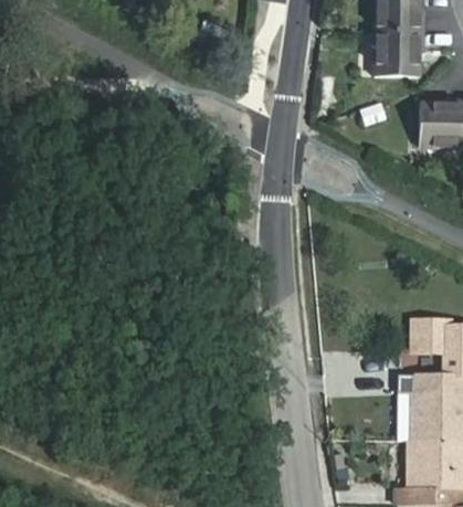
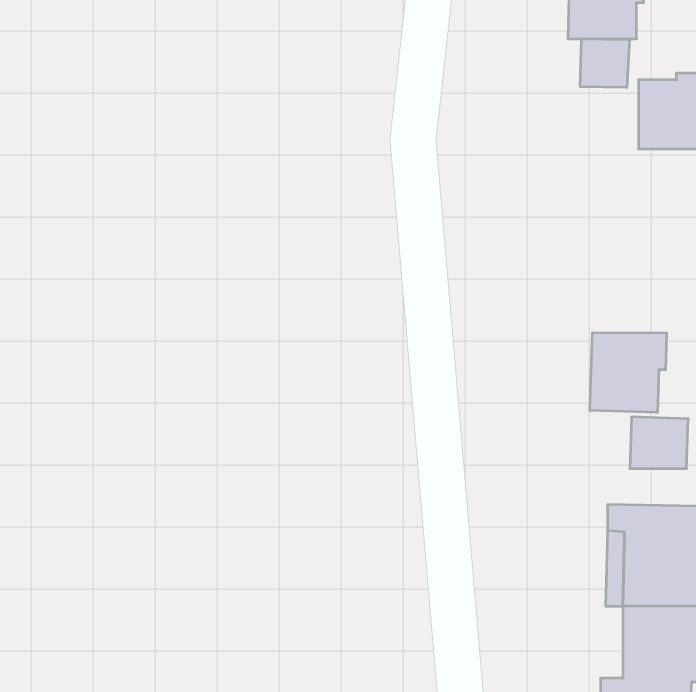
building: none -> [580,39,629,88]
building: none -> [590,333,667,413]

